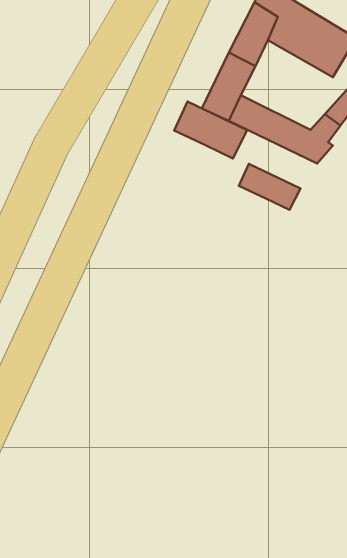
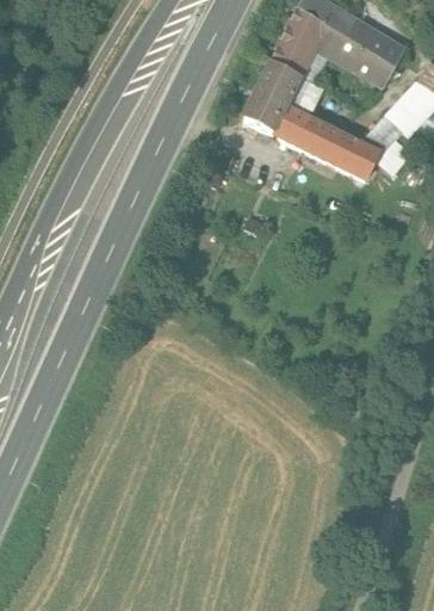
building: [174,102,247,158] -> none
building: [239,164,300,210] -> none

